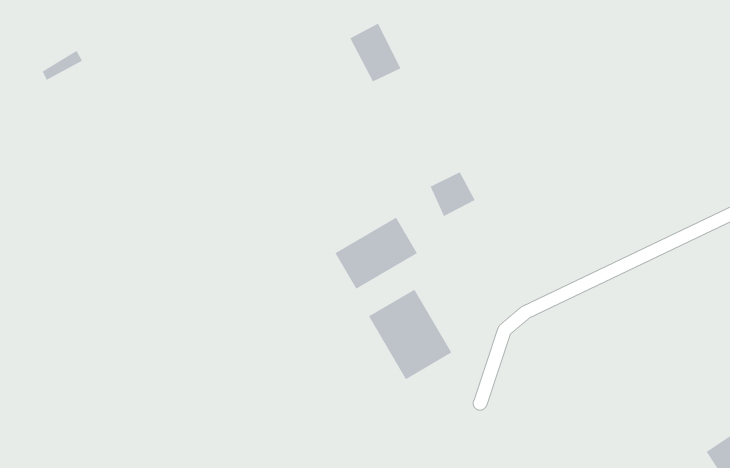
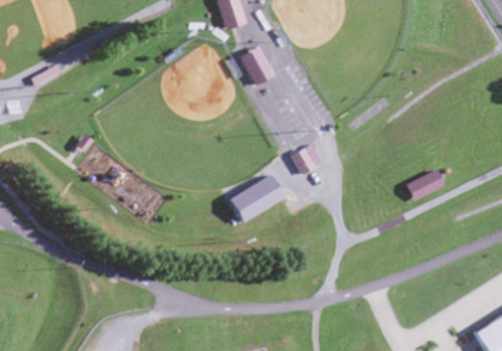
building: none -> [405,169,444,200]
building: [368,289,452,380] -> none

